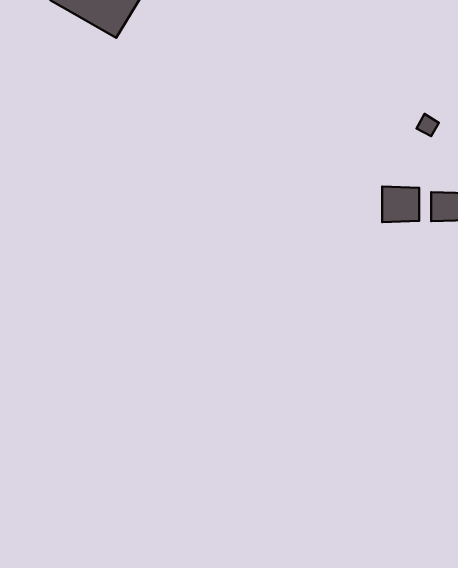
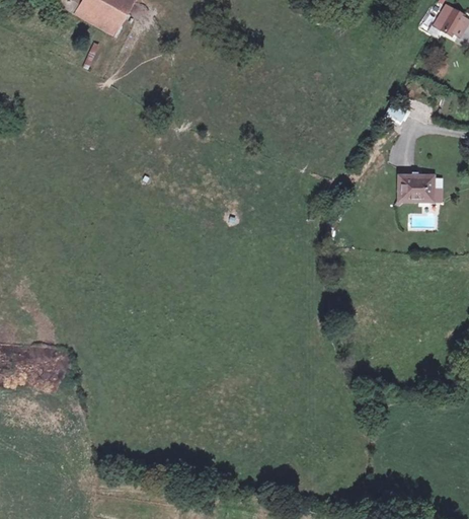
building: [382,186,419,222] -> none

